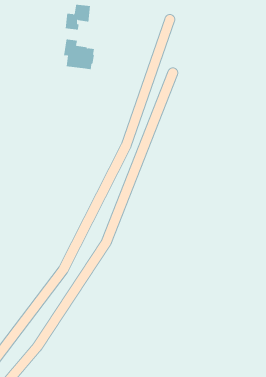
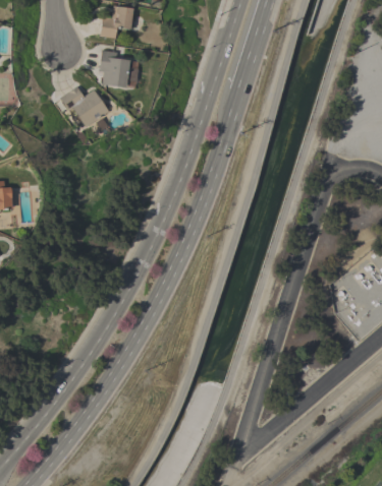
building: none -> [60,85,109,127]

